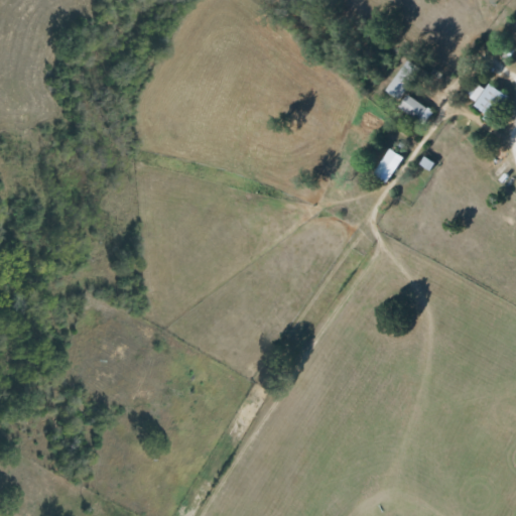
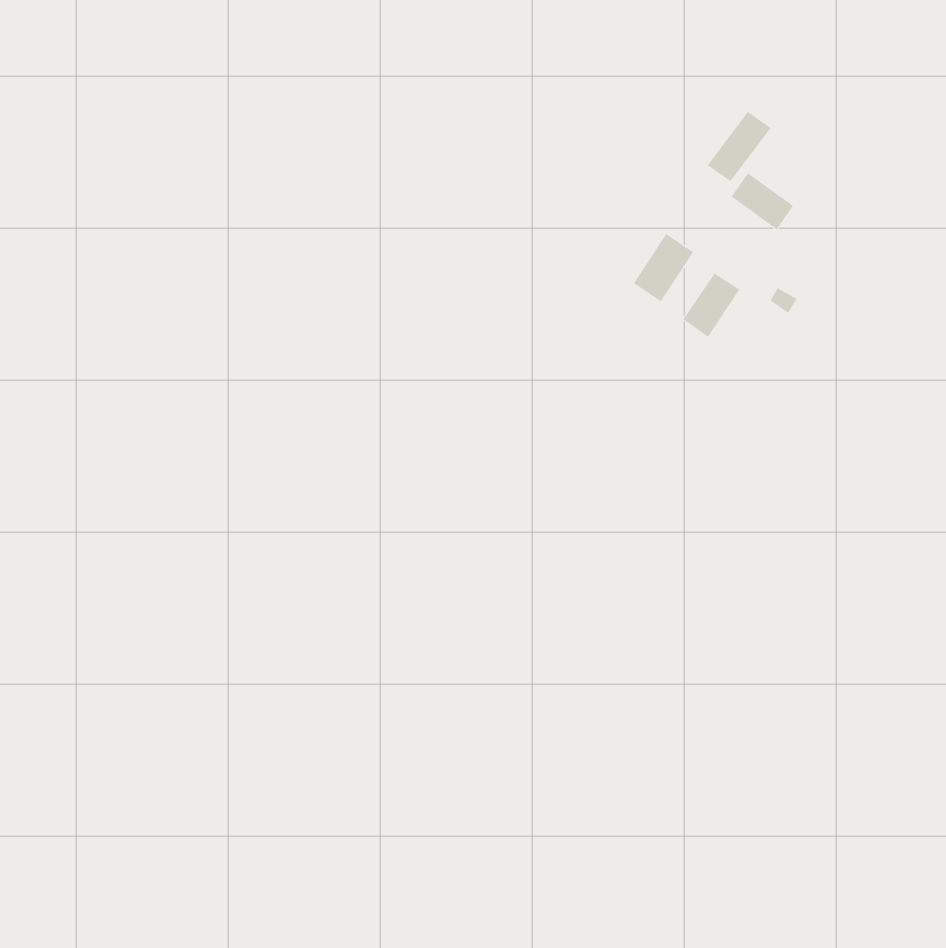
building: [468,84,508,123] -> none
building: none -> [633,233,694,302]

